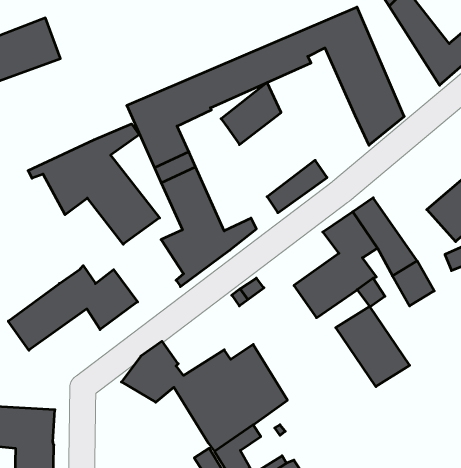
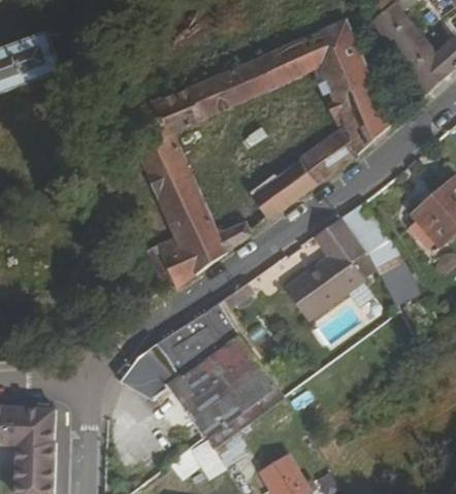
building: [221,82,281,145] -> [298,124,356,184]
building: [28,124,160,244] -> none
building: [8,266,138,350] -> none
building: none -> [157,301,245,374]
building: [336,306,410,387] -> none

